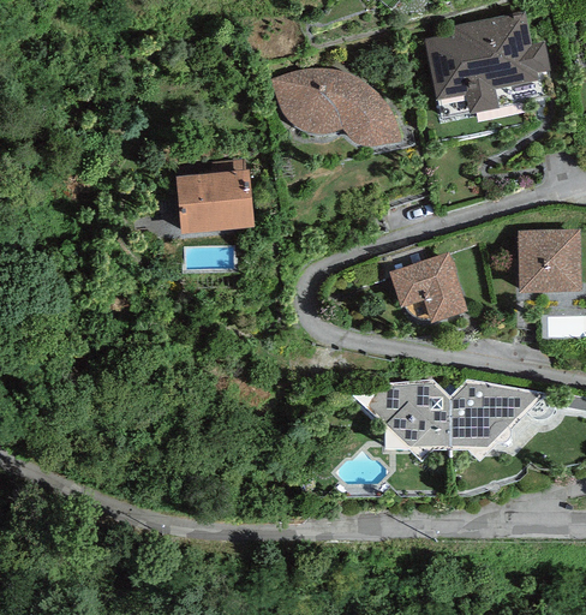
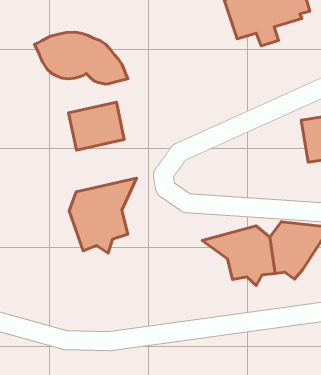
building: [270,64,401,147] -> [34,32,128,84]
building: [378,240,466,323] -> none
building: none -> [69,178,136,253]

